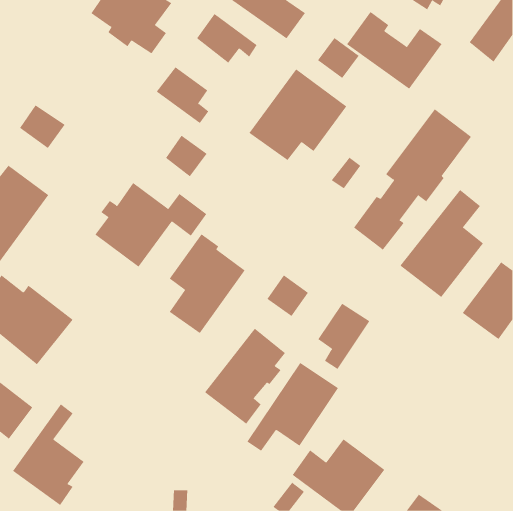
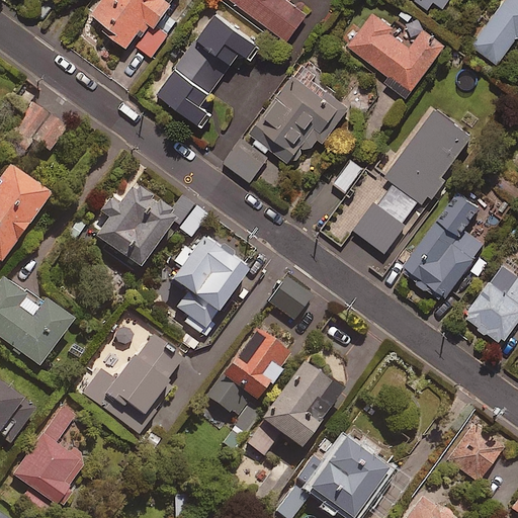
building: [317,37,360,79] -> none
building: none -> [176,38,230,91]
building: [165,135,207,177] -> [225,138,267,180]
building: [317,303,370,370] -> none
building: none -> [79,330,184,434]
building: none -> [450,429,502,481]

